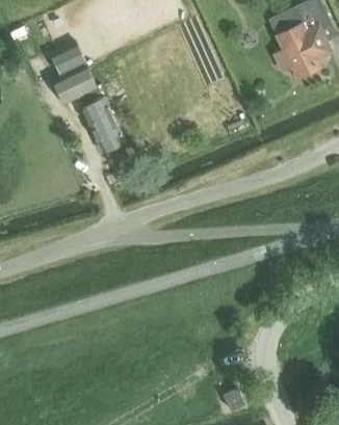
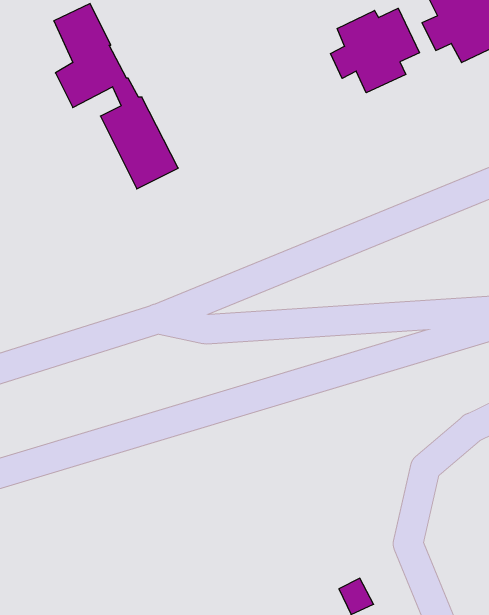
building: none -> [330,8,420,93]

